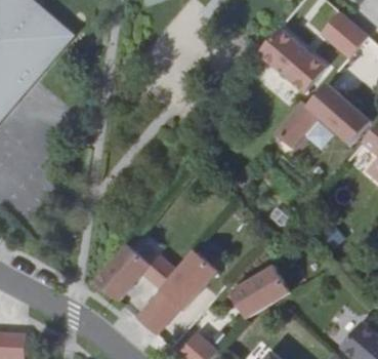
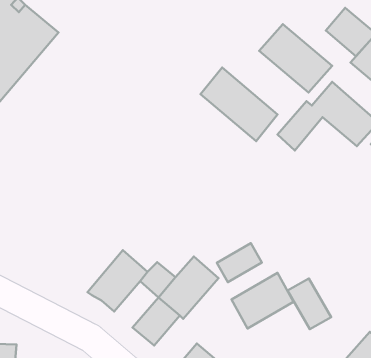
building: none -> [201,68,278,141]
building: none -> [217,243,262,282]
building: none -> [287,278,331,329]

